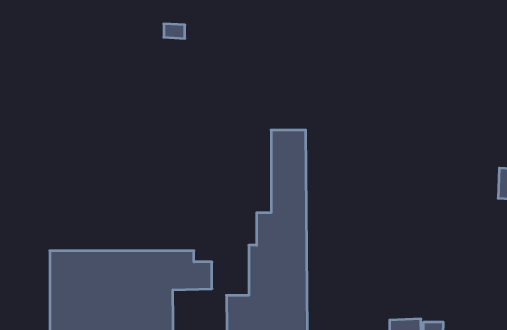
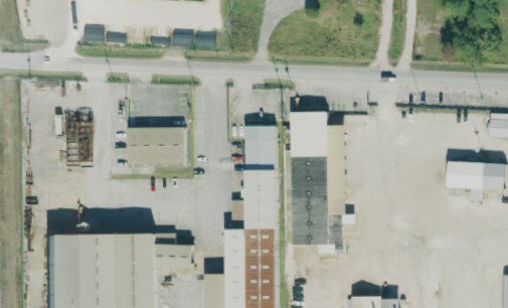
building: none -> [290,112,346,254]
building: none -> [128,127,185,164]

